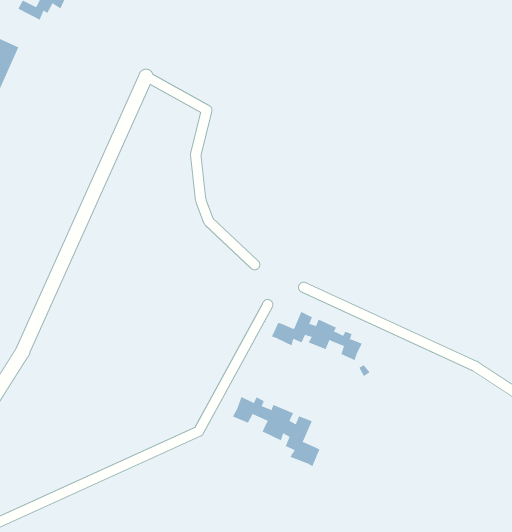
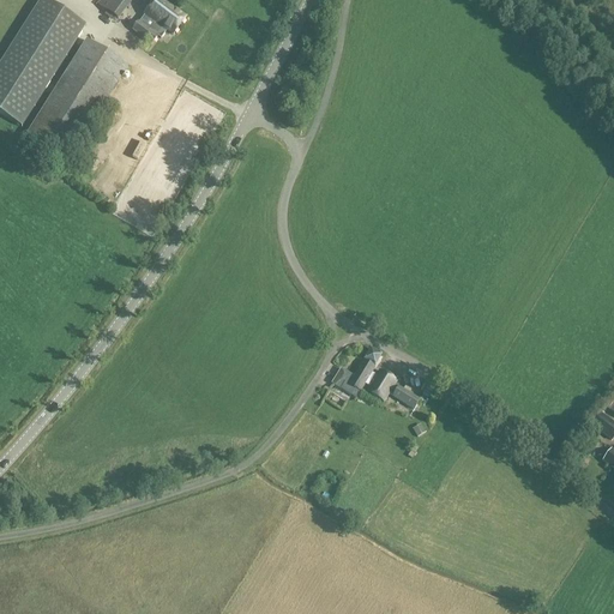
building: [232,396,320,467] -> none

